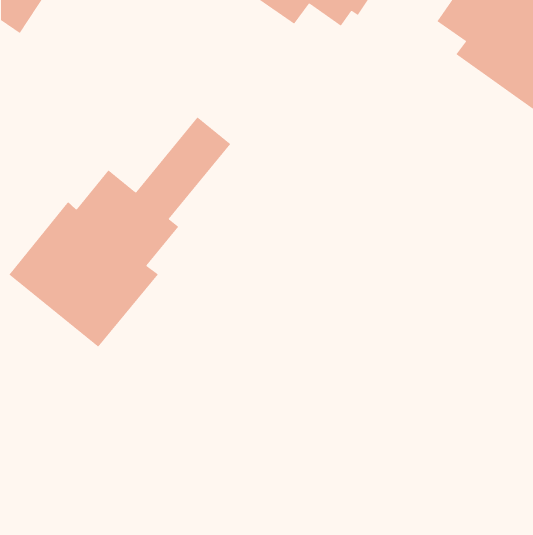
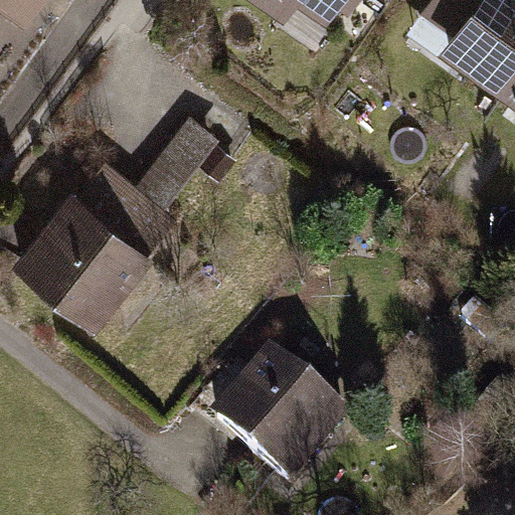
building: none -> [205,349,352,493]

